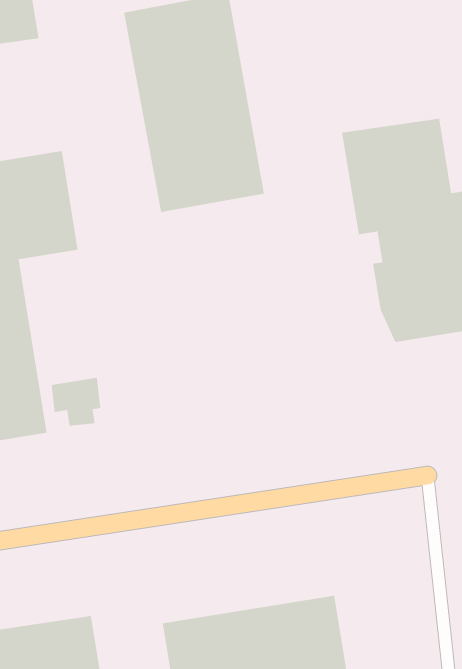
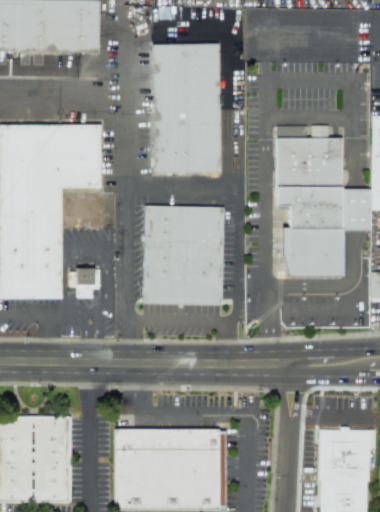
building: none -> [144,205,224,304]

